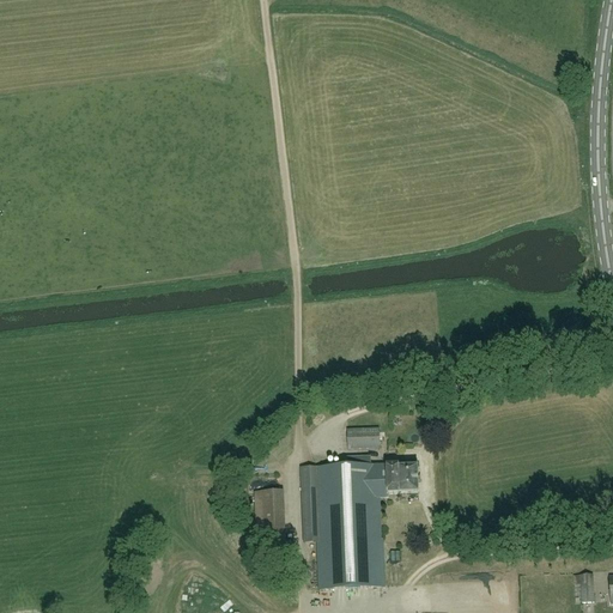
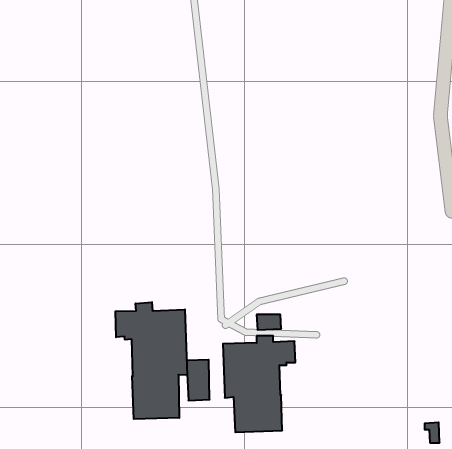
building: none -> [115,302,187,419]
building: [399,457,419,491] -> none

